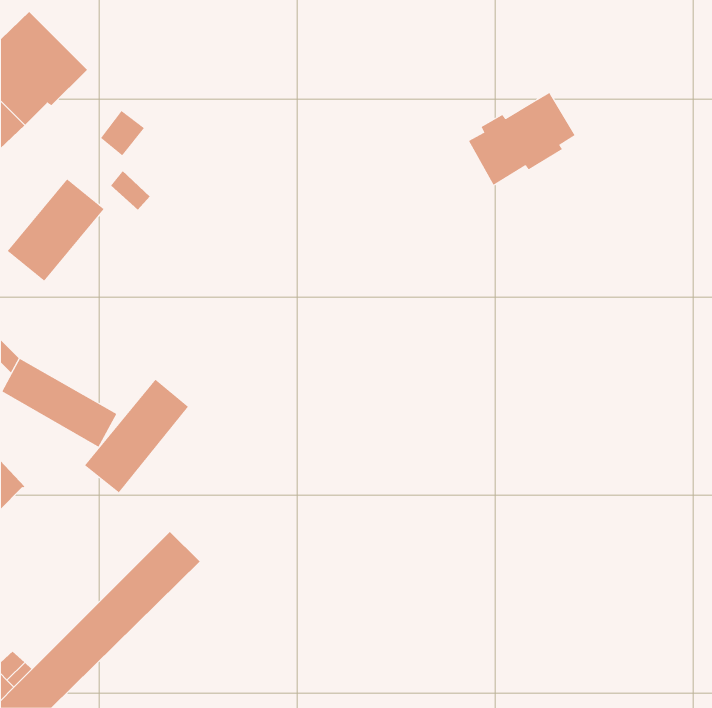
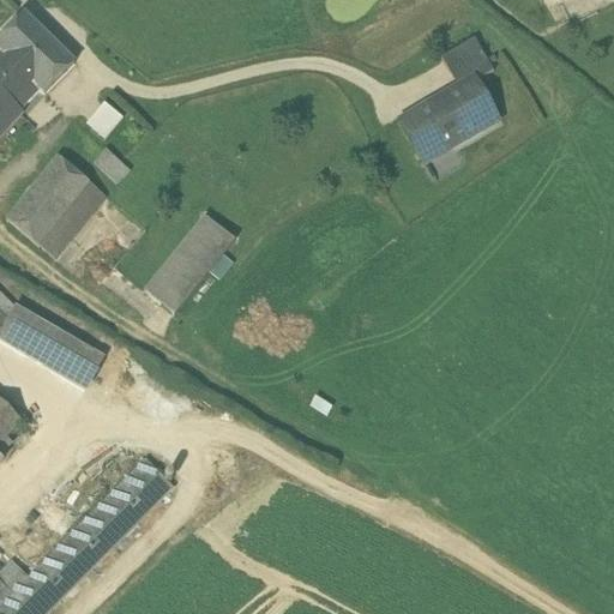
building: none -> [441,36,494,88]
building: none -> [38,180,107,257]
building: [84,379,189,493] -> [144,216,234,314]

